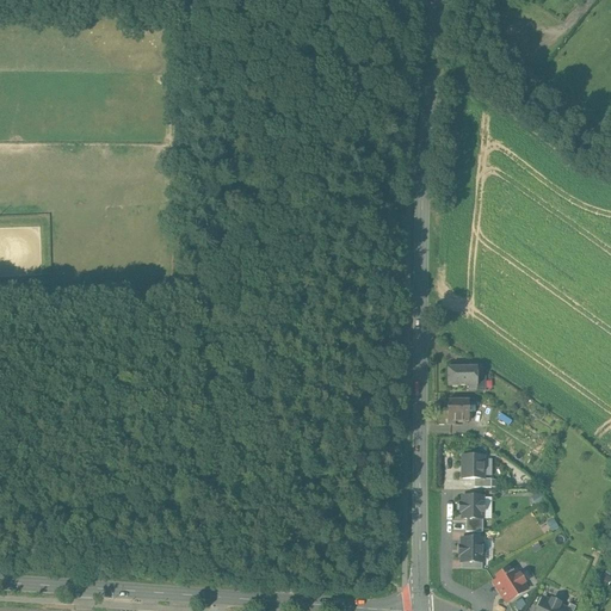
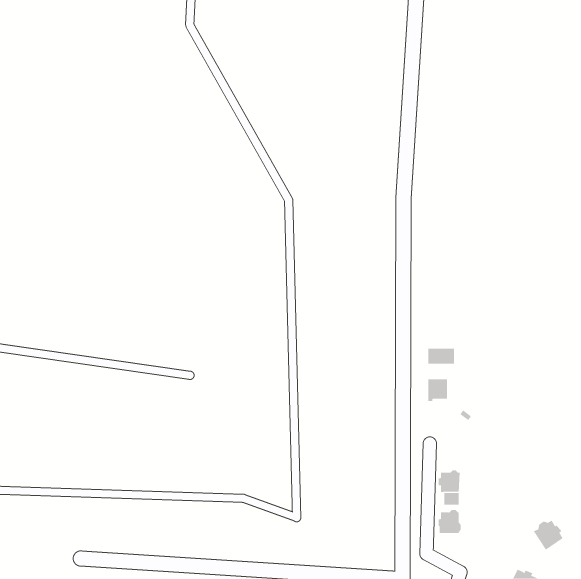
building: [462,453,483,477] -> none
building: [494,568,526,600] -> [533,520,564,551]

